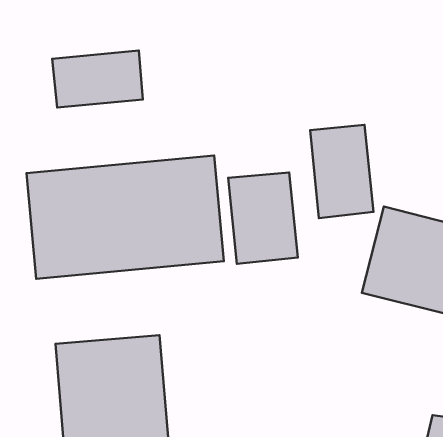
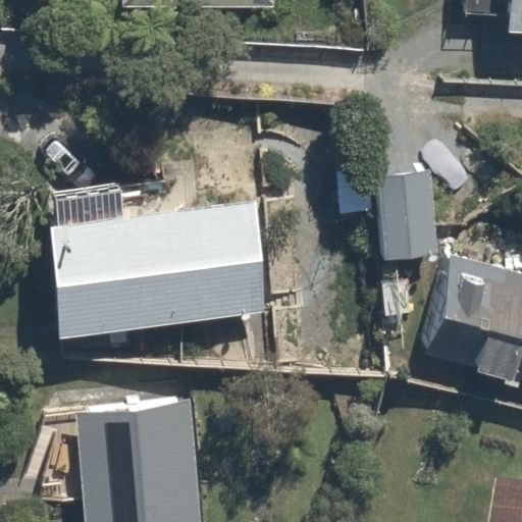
building: [52,51,143,108] -> none
building: [228,173,298,264] -> none

